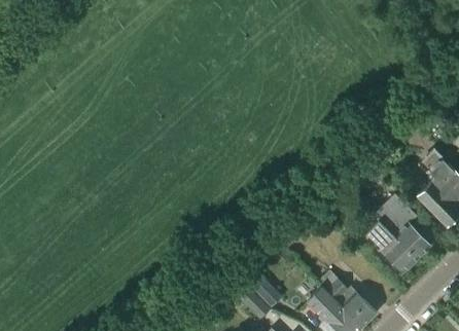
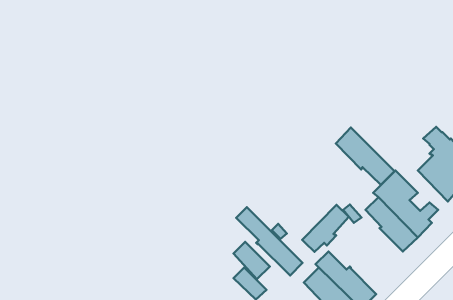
building: none -> [336,128,395,185]
building: none -> [302,205,349,252]
building: none -> [236,207,302,275]

